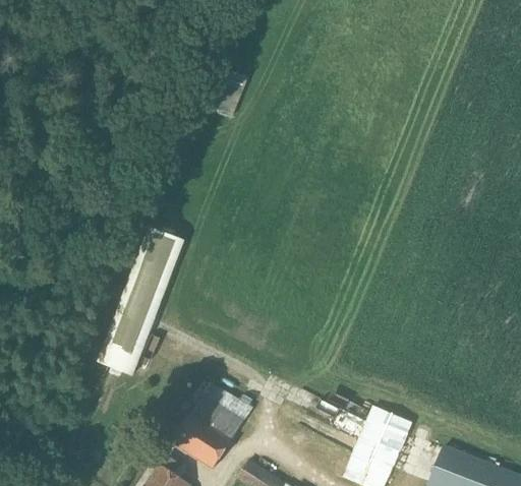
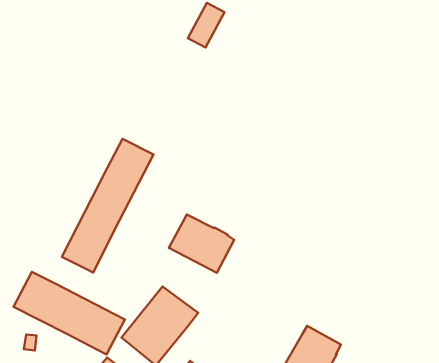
building: none -> [169,214,234,273]
building: none -> [14,272,125,355]

